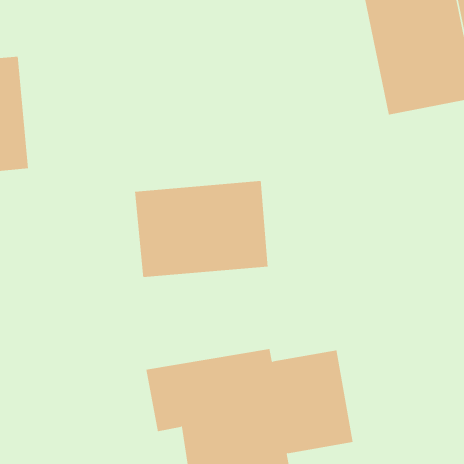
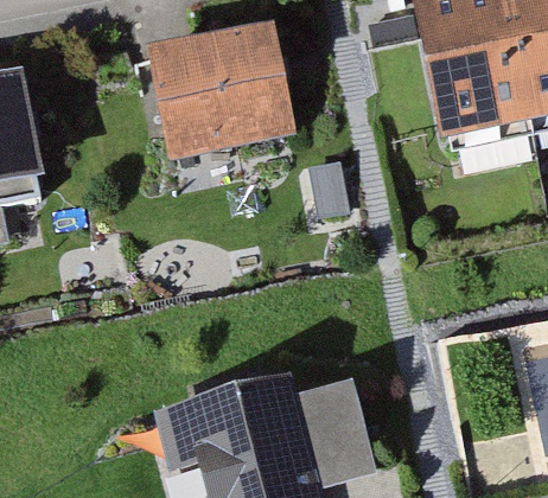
building: none -> [166,34,298,152]
building: [135,180,268,278] -> none

